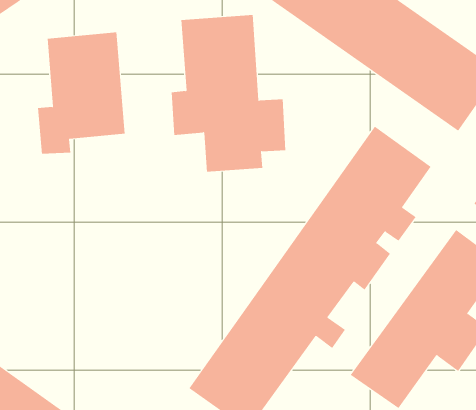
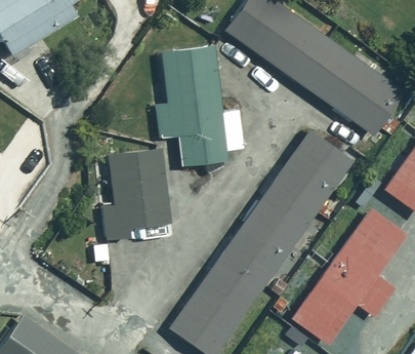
building: [37,32,125,154] -> [102,148,169,240]

